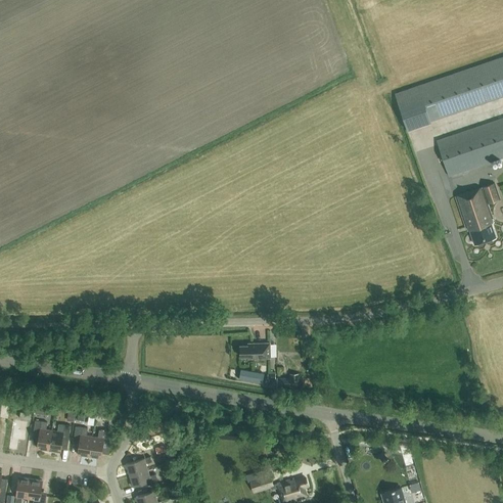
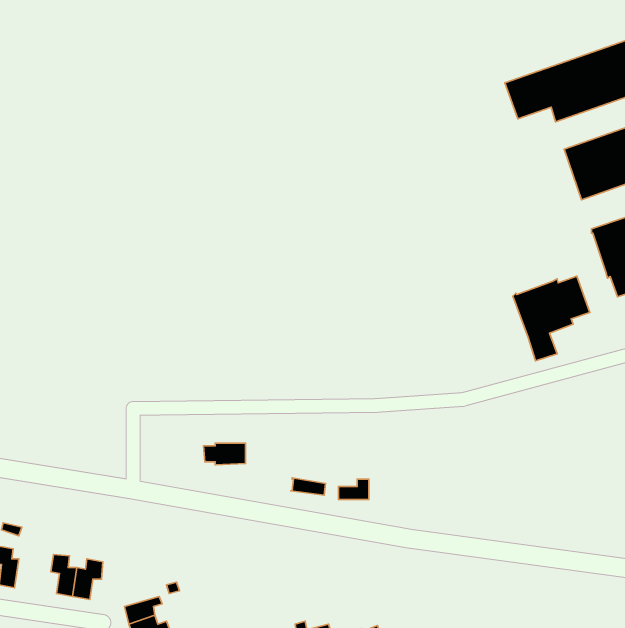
building: none -> [513,276,590,361]
building: [240,345,270,360] -> [203,443,245,465]
building: [48,424,71,453] -> none

